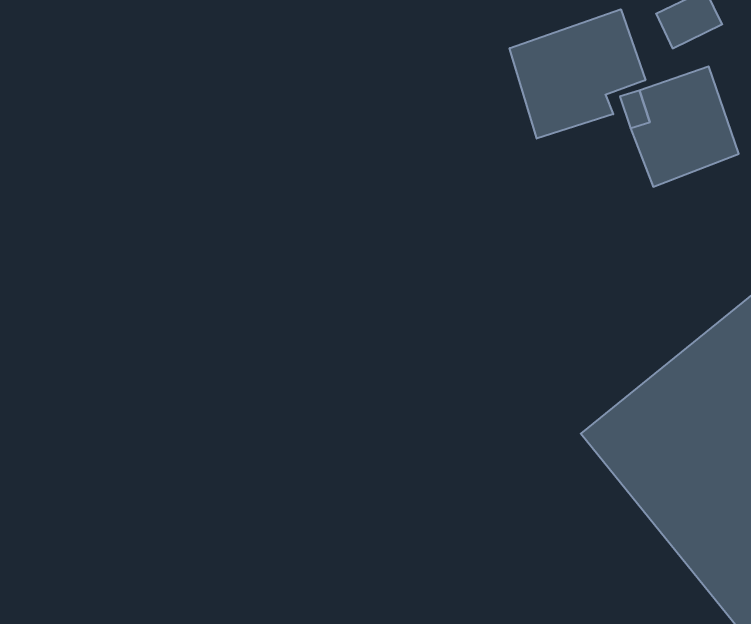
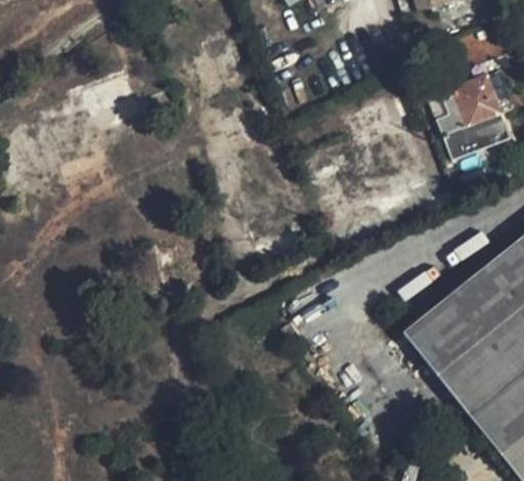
building: [510,9,645,139] -> none

